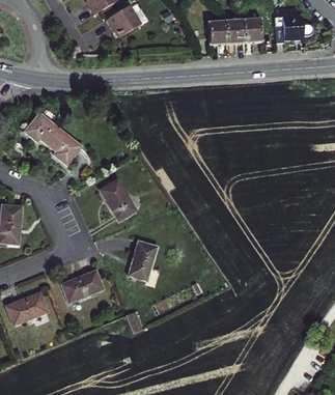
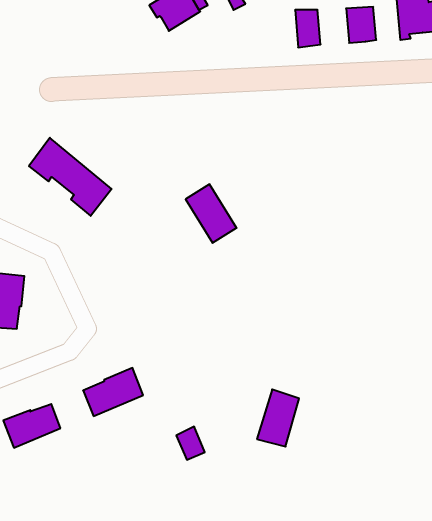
building: [222,20,244,45] -> none
building: [99,177,134,218] -> [186,184,237,243]
building: [127,238,156,278] -> [257,389,299,447]

